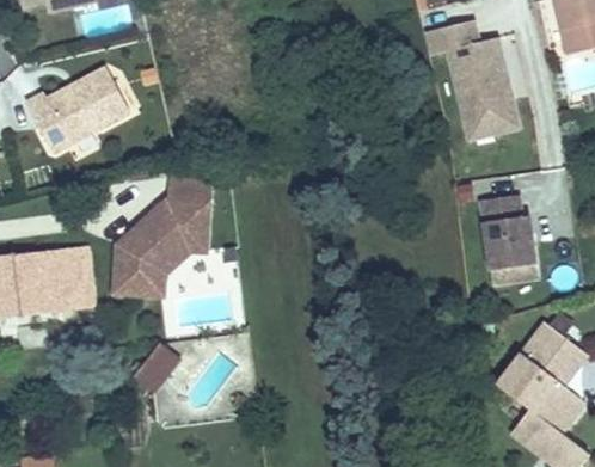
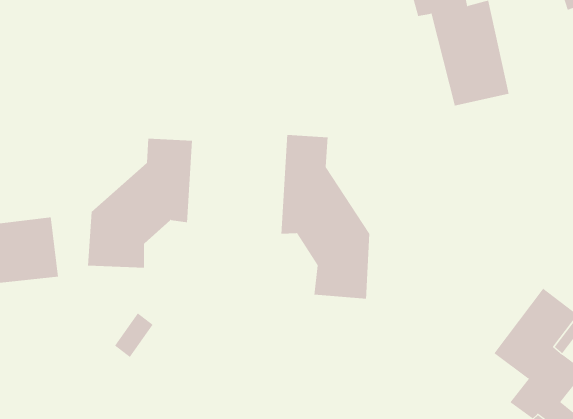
building: [31,62,135,148] -> none
building: none -> [281,134,370,300]
building: [477,197,535,288] -> none

